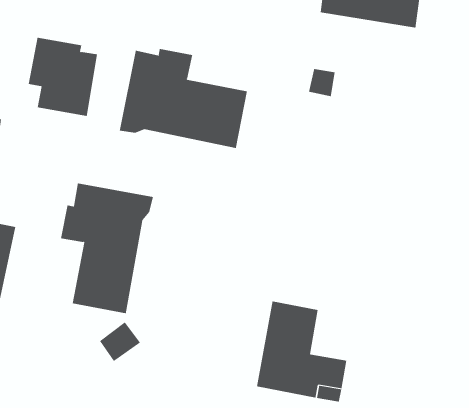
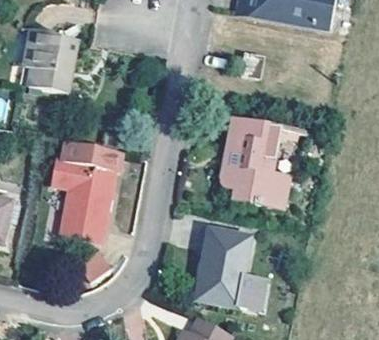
building: [119,48,248,149] -> none
building: none -> [223,122,288,208]

